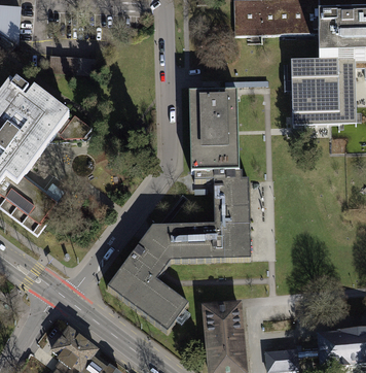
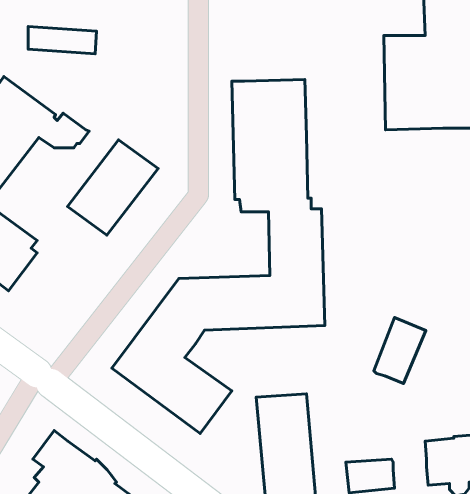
building: none -> [67,140,158,235]
building: none -> [374,317,426,383]

